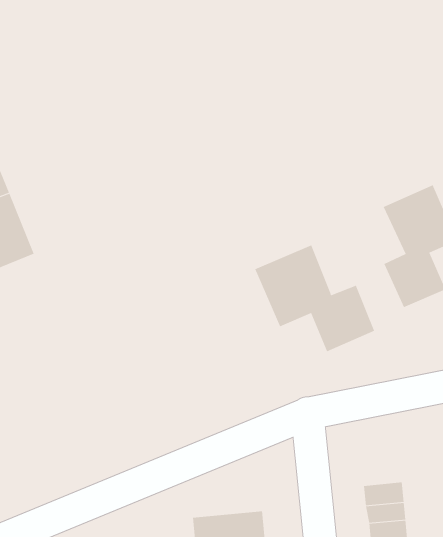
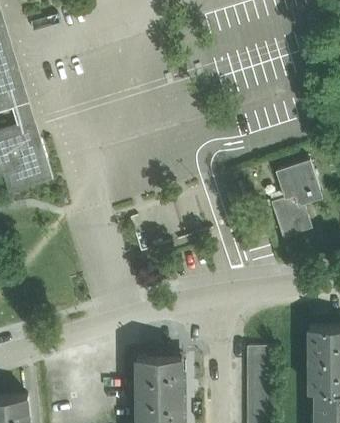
building: [255,245,375,352] -> none

